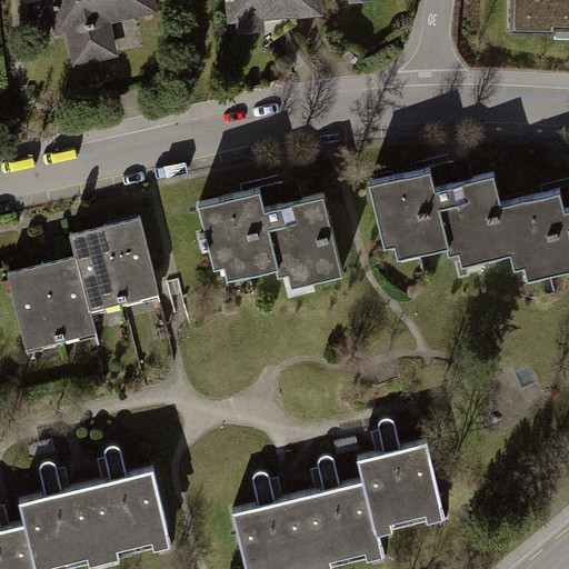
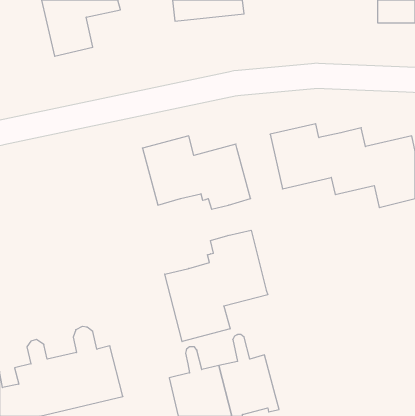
building: [7,219,160,356] -> none
building: none -> [165,230,268,342]
building: [357,420,445,539] -> none

